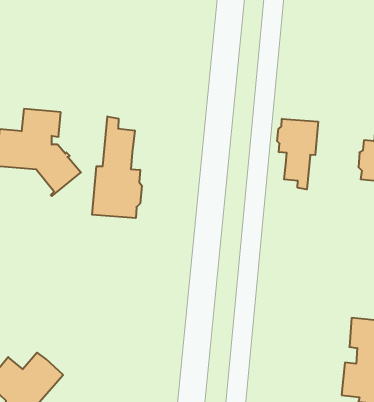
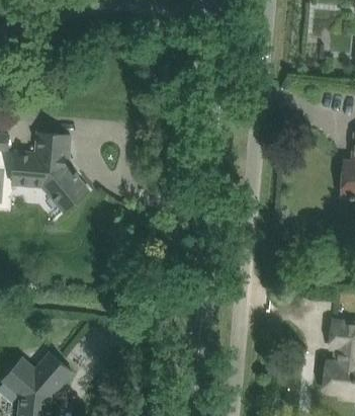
building: [92,116,142,218] -> none
building: [277,119,318,189] -> none

